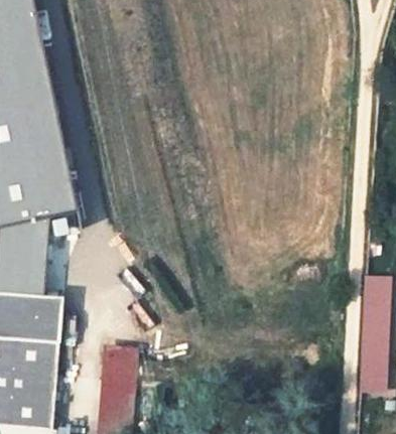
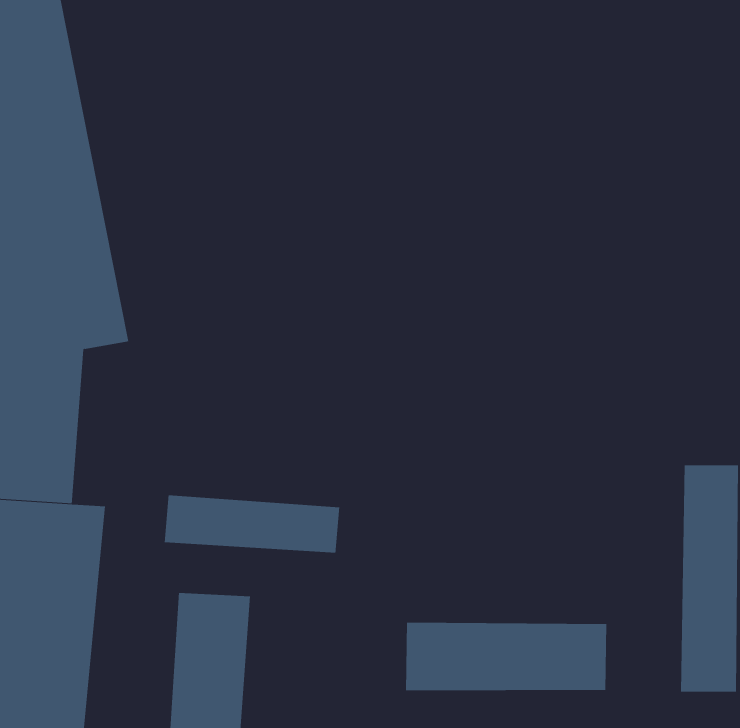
building: none -> [164,494,340,554]
building: none -> [406,622,607,691]

